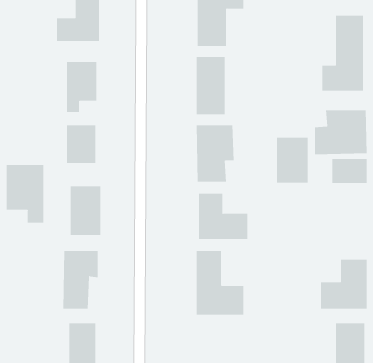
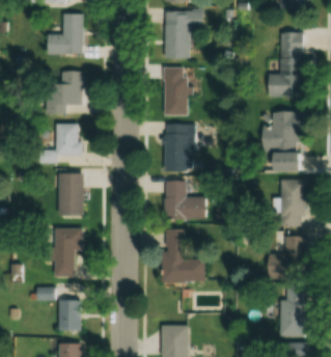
building: [276,137,308,183] -> [279,180,306,218]
building: [6,164,44,224] -> none

